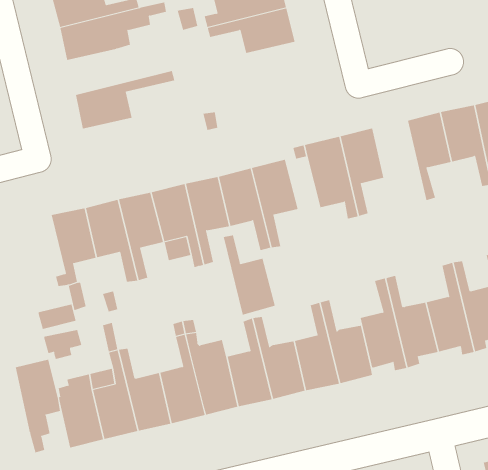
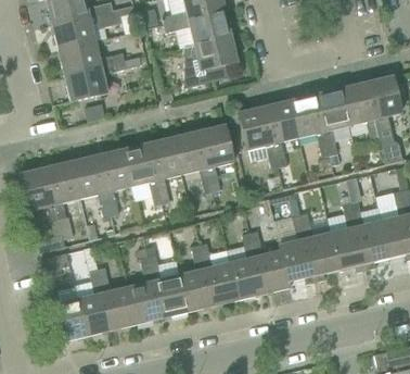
building: none -> [184,34,239,86]
building: none -> [59,39,126,74]
building: none -> [291,94,331,155]
building: none -> [21,165,57,212]
building: [223,234,276,315] -> none
building: [15,359,60,454] -> none

